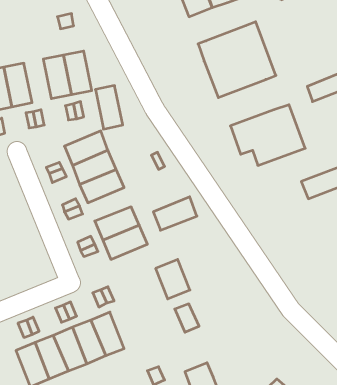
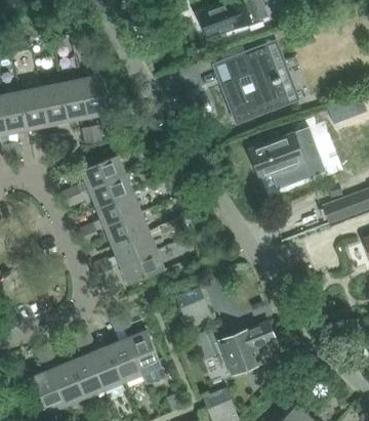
building: [95,86,123,129] -> [40,82,68,126]
building: [153,197,197,230] -> [105,212,149,246]
building: none -> [219,323,276,376]
building: none -> [127,330,161,375]

